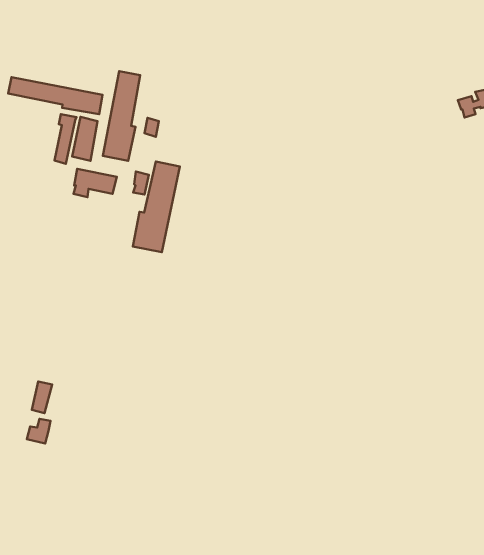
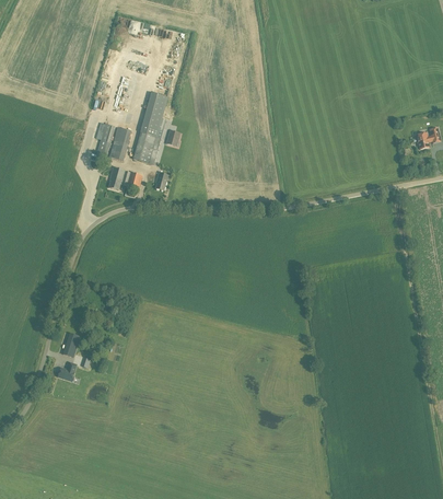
building: [8,77,103,114] -> none
building: [133,161,180,252] -> none

